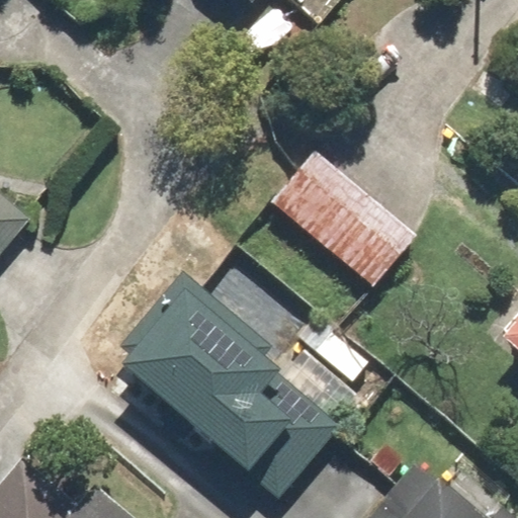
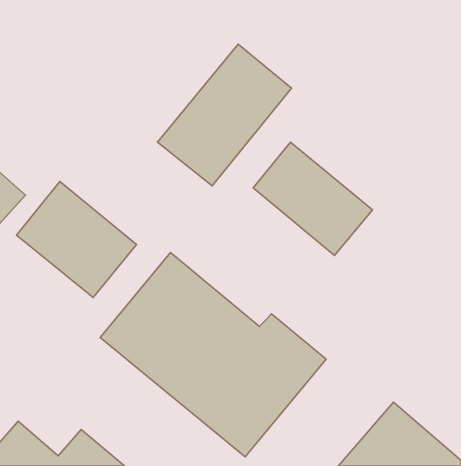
building: none -> [158,44,292,186]
building: none -> [17,181,137,297]

